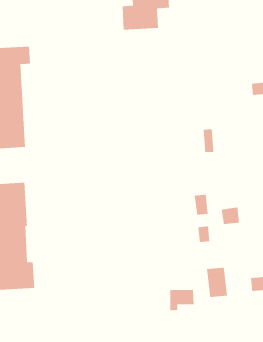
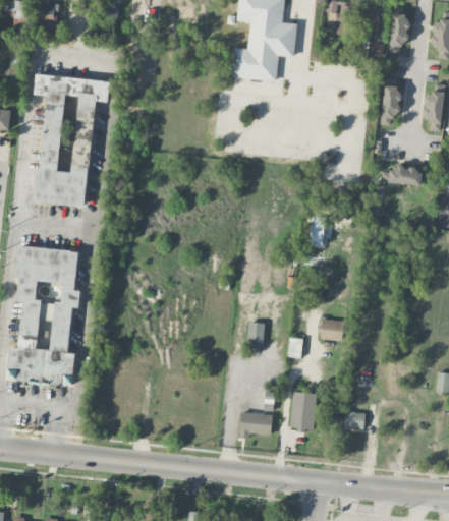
building: none -> [382,84,401,125]
building: [194,194,209,215] -> [248,322,265,348]

